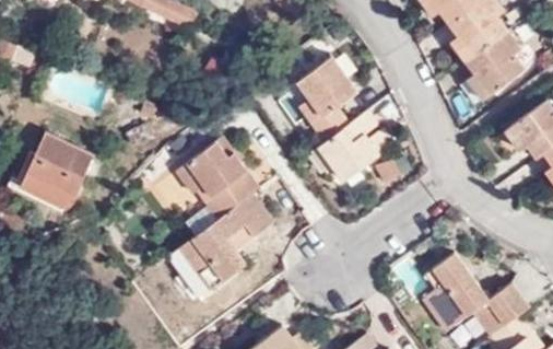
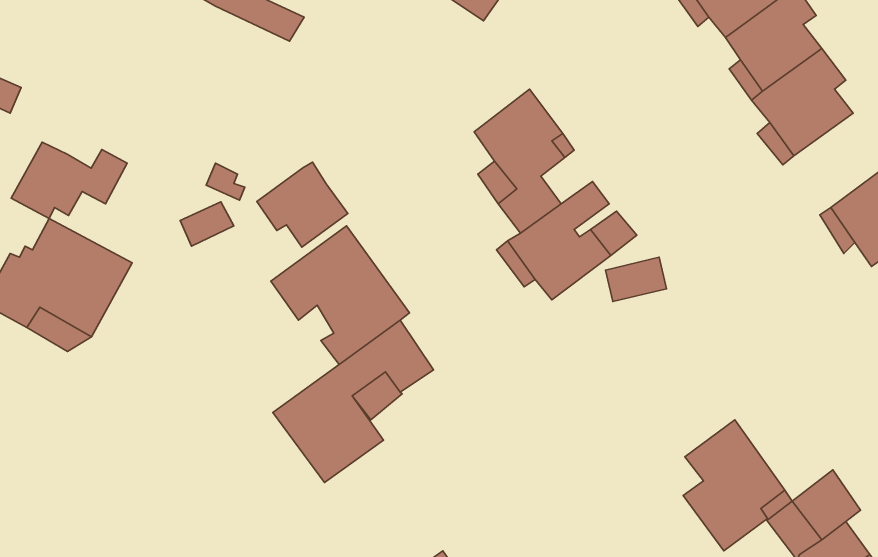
building: none -> [11,142,127,219]
building: none -> [257,162,348,247]

